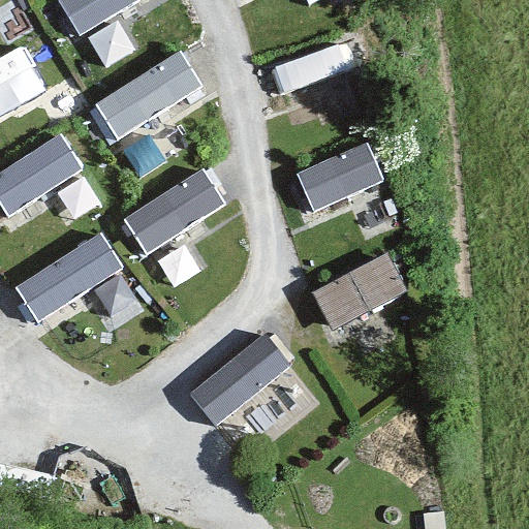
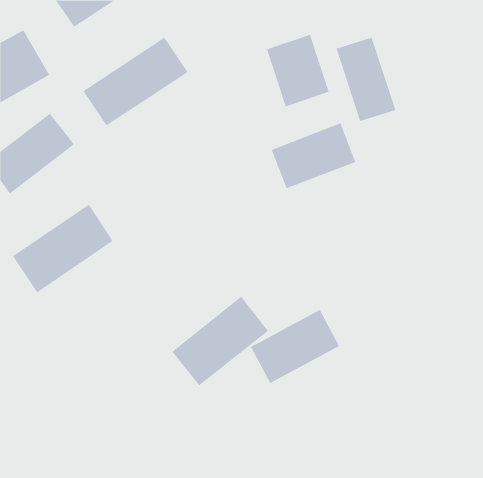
building: none -> [336,37,396,122]
building: [122,172,225,250] -> none
building: [312,251,410,333] -> [250,309,340,384]

